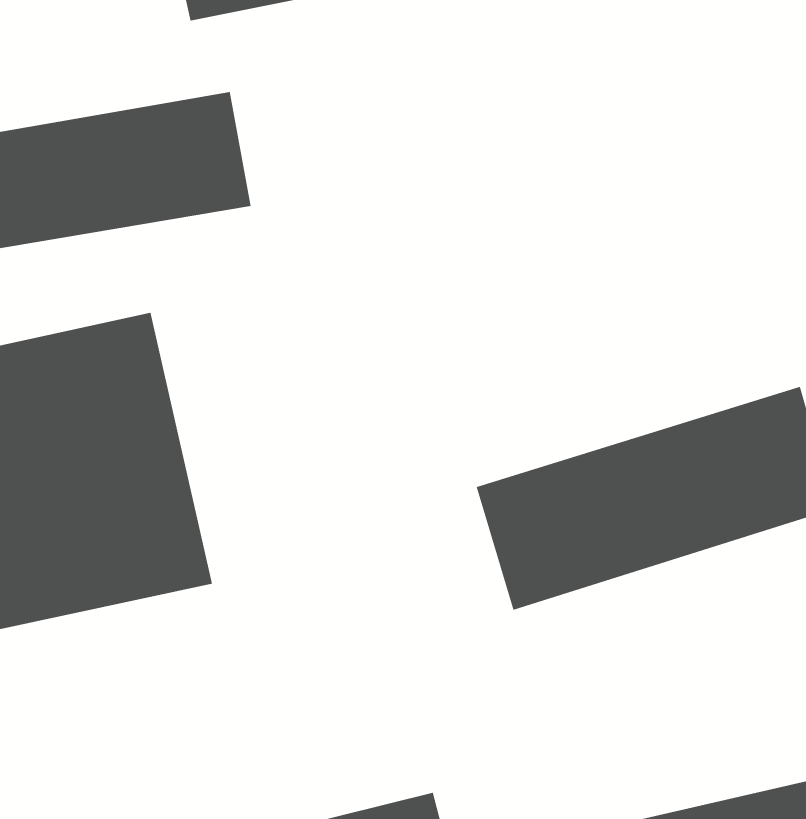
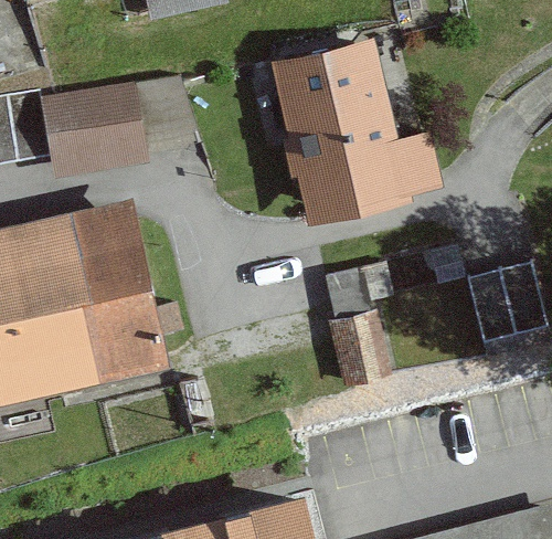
building: none -> [269,33,443,222]

